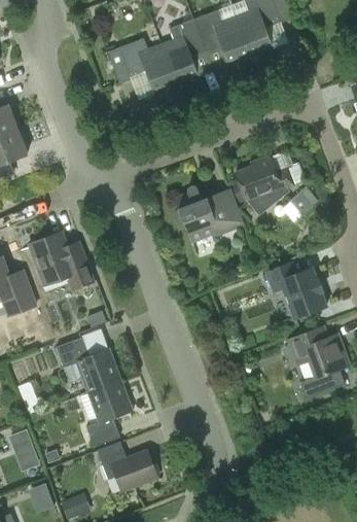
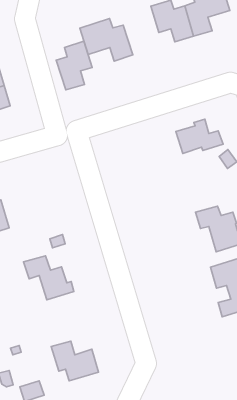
building: [160,20,206,81] -> [56,41,92,90]
building: [174,185,243,242] -> none
building: [31,235,93,287] -> none
building: [85,380,128,447] -> none

